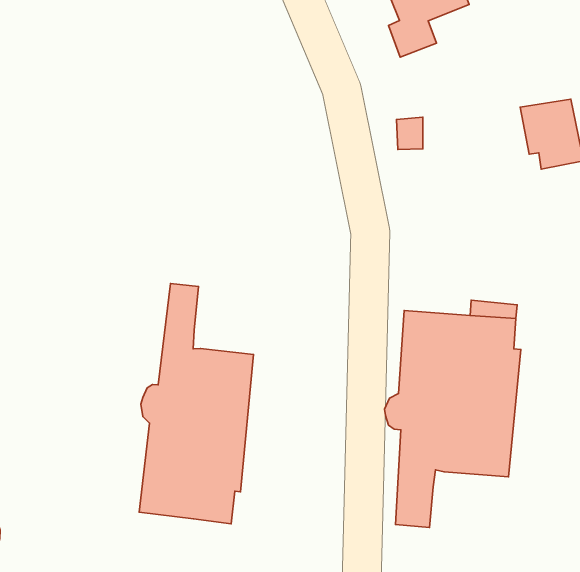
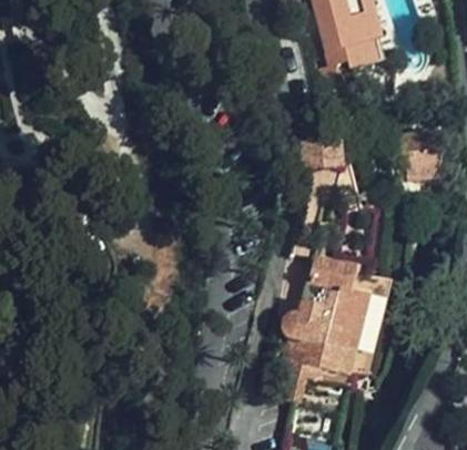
building: [139,284,254,524] -> none

